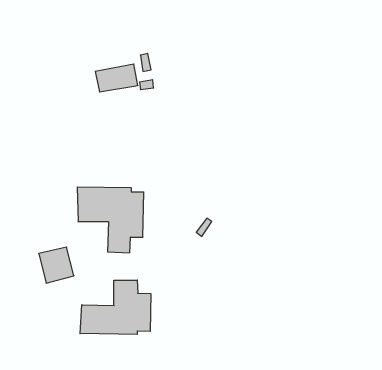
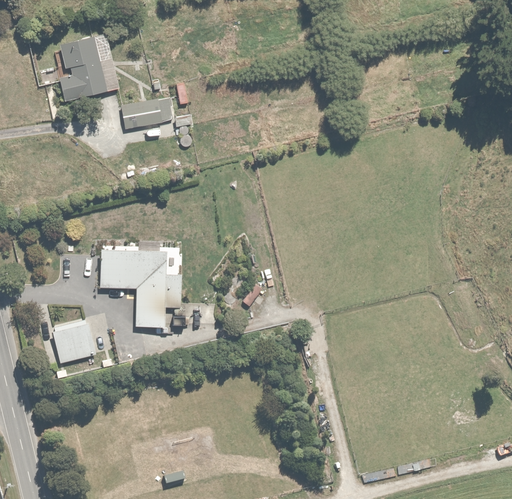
building: none -> [58,32,120,100]
building: [80,280,151,334] -> none

